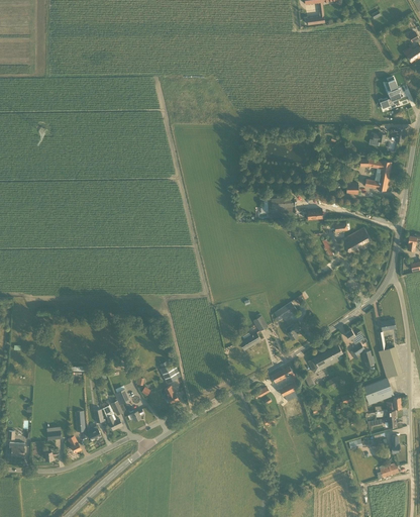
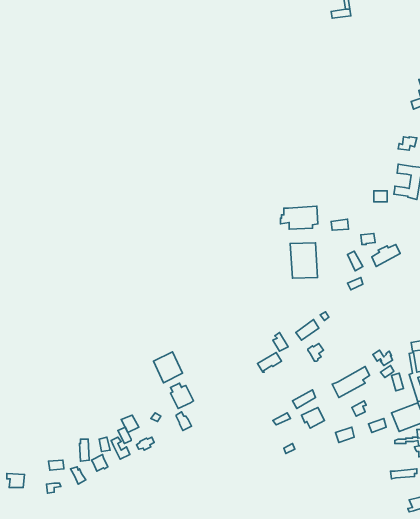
building: none -> [290,243,318,278]
building: none -> [153,352,183,383]

